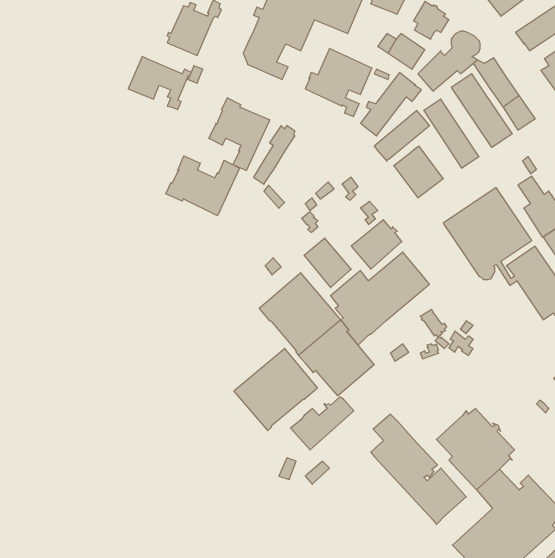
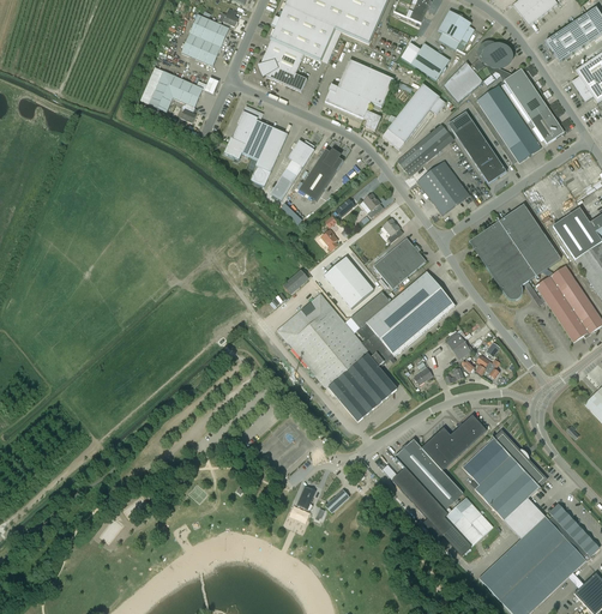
building: none -> [299,149,343,200]
building: [166,156,240,216] -> none
building: [234,348,317,431] -> none
building: [291,397,354,450] -> [421,415,487,470]

